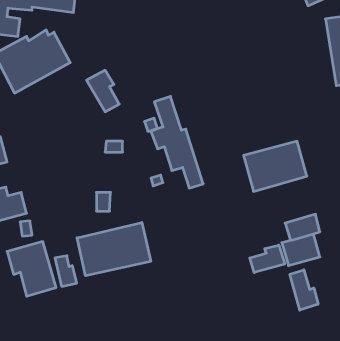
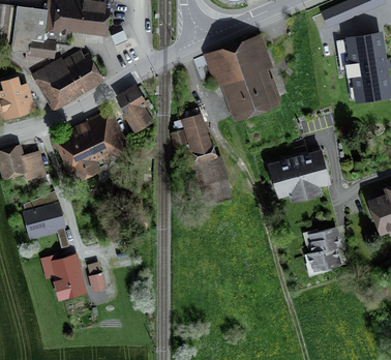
building: none -> [216,37,279,112]
building: none -> [59,110,119,176]
building: [77,222,151,276] -> none
building: [250,245,285,273] -> none
building: [290,270,318,310] -> none

